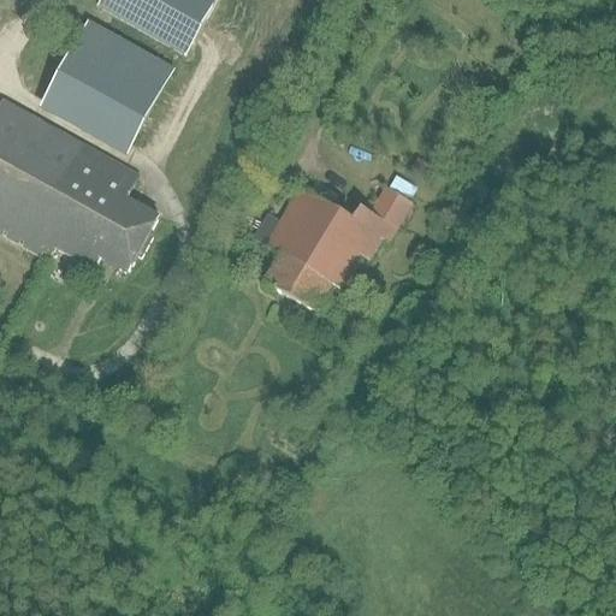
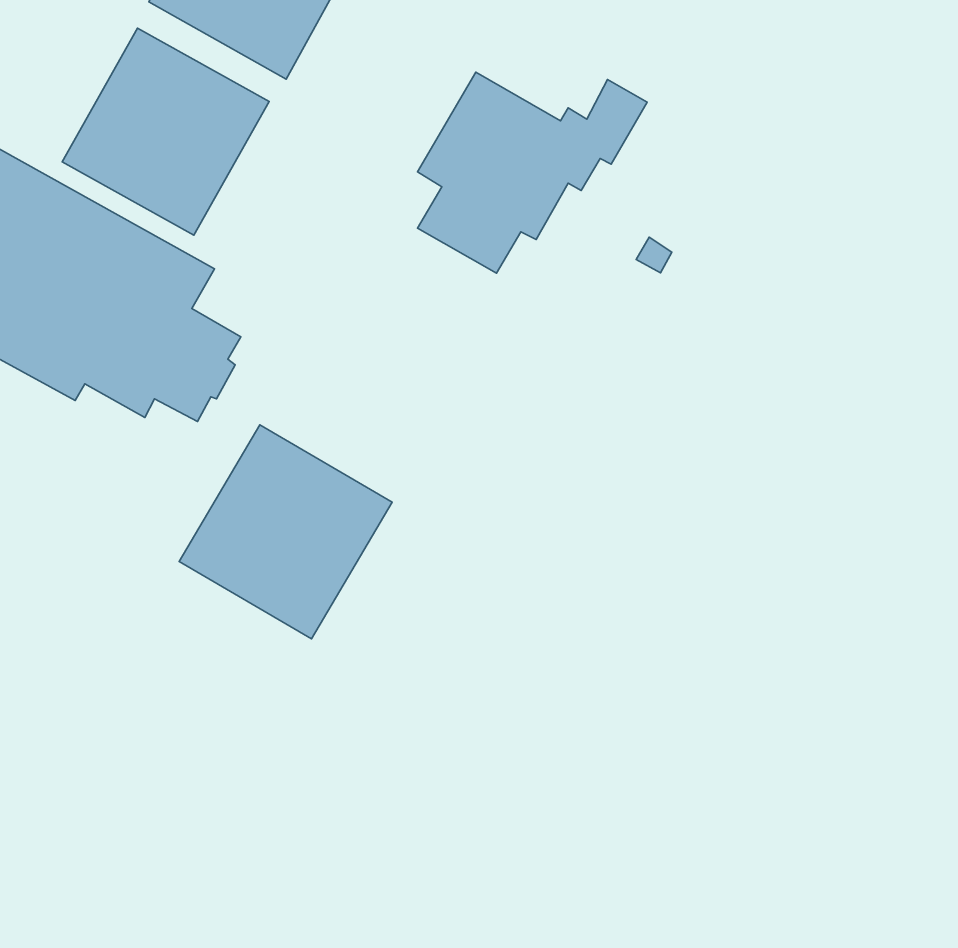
building: [262,183,409,312] -> [417,72,647,273]
building: none -> [179,425,392,639]

